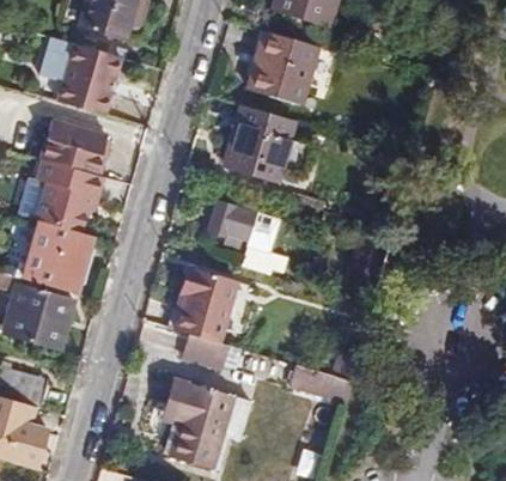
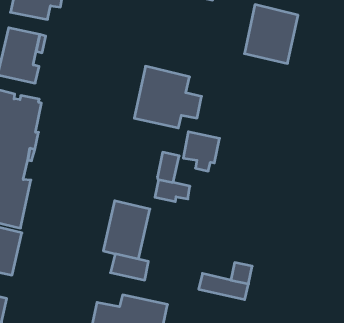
building: [249,29,318,104] -> [244,5,298,63]
building: [209,200,256,250] -> [183,132,220,171]

